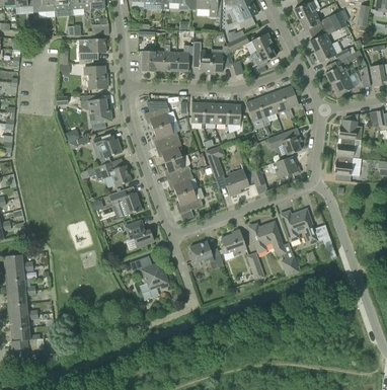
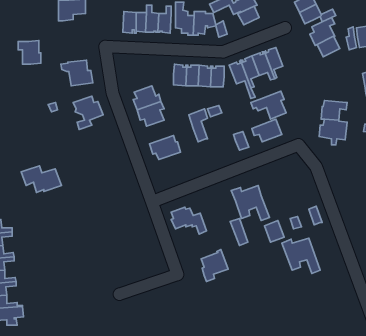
building: [84,65,106,88] -> [18,40,41,64]
building: [143,100,169,129] -> none
building: [337,113,362,139] -> none
building: [163,154,190,179] -> none
building: [92,161,132,187] -> [21,166,61,193]
building: [224,168,248,194] -> none
building: [175,186,204,213] -> none
building: [108,188,141,217] -> none
building: [280,209,317,243] -> [282,238,320,273]
building: [125,220,153,246] -> none
building: [220,228,246,259] -> [201,249,228,282]
building: [125,258,169,289] -> none

